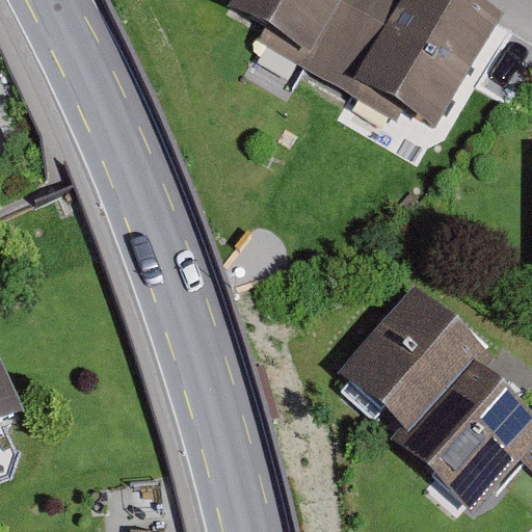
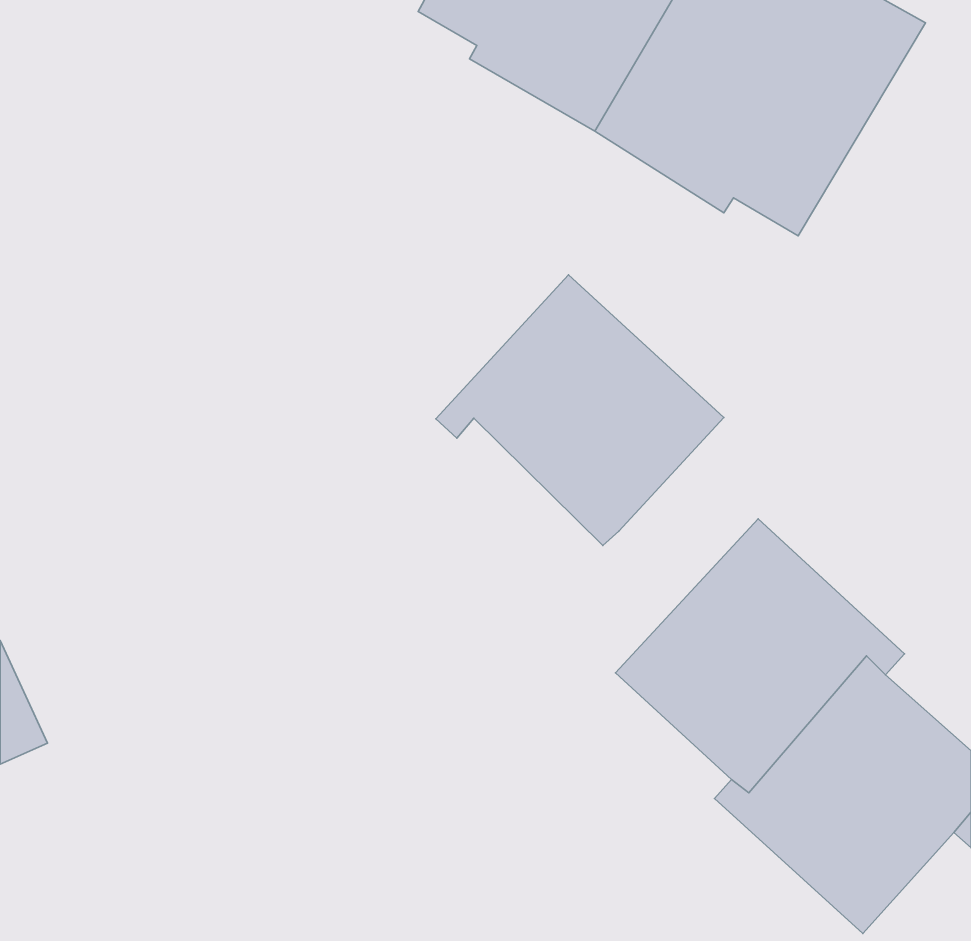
building: none -> [436,275,724,545]

